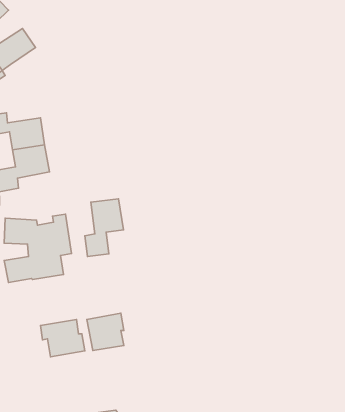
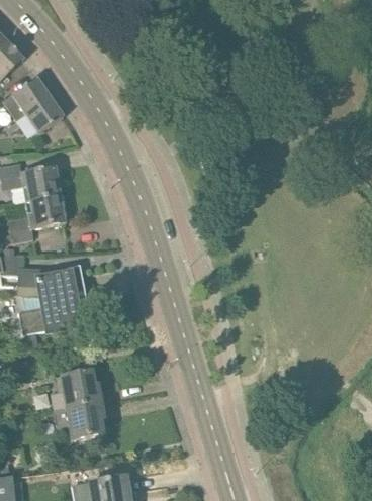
building: none -> [25,97,64,133]
building: [85,199,123,256] -> none
building: [87,313,124,350] -> [66,402,103,439]

